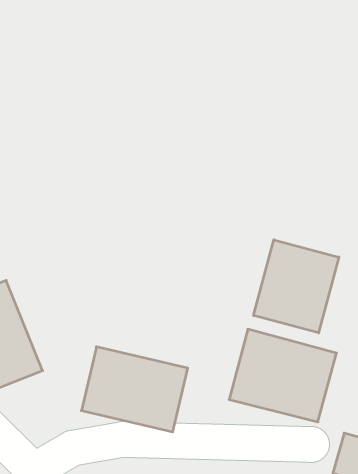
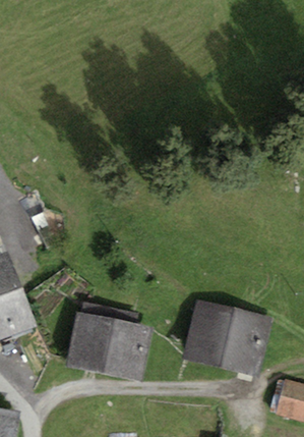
building: [254,240,339,333] -> none

